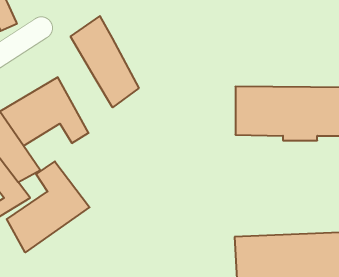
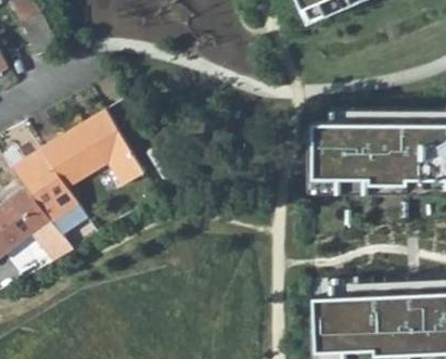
building: [71,16,139,107] -> none
building: [7,161,90,252] -> none

